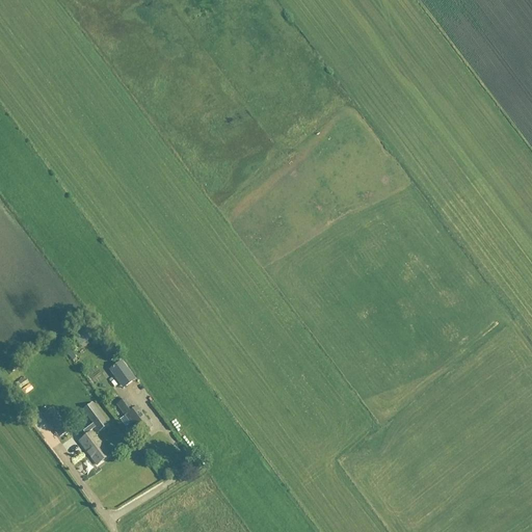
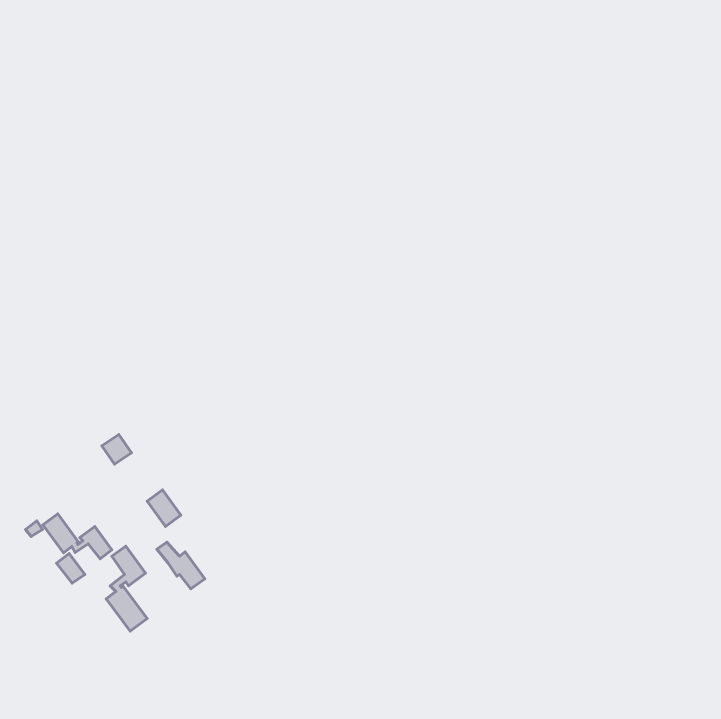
building: none -> [43,514,112,559]

